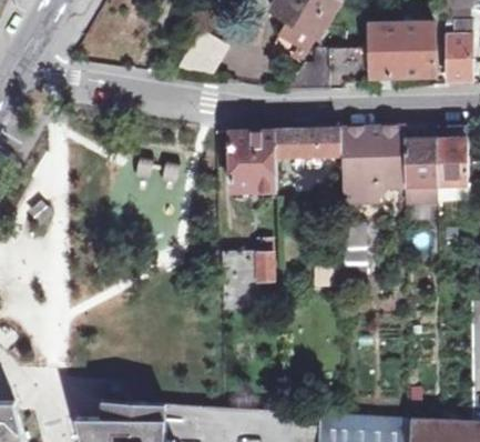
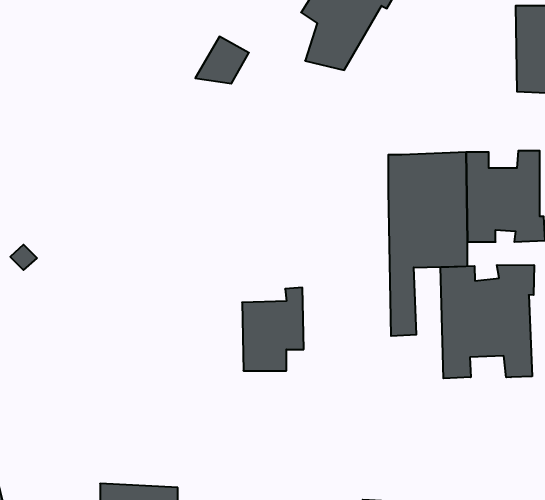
building: [288,23,436,91] -> none
building: [229,129,340,192] -> none
building: none -> [441,265,534,378]

